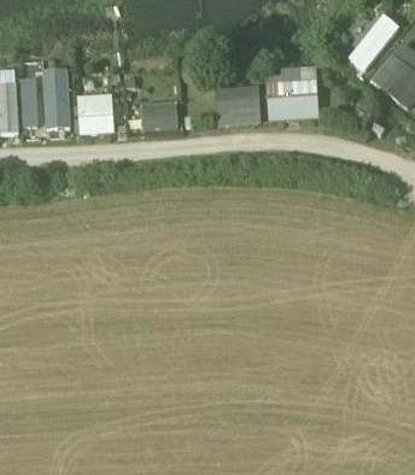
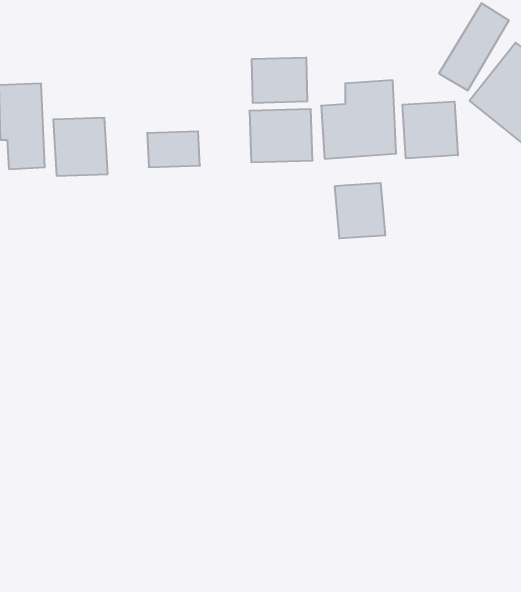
building: none -> [252,57,307,103]
building: none -> [402,101,458,158]
building: none -> [335,183,385,239]

